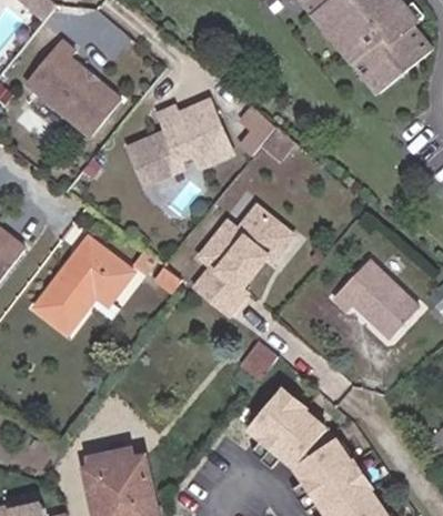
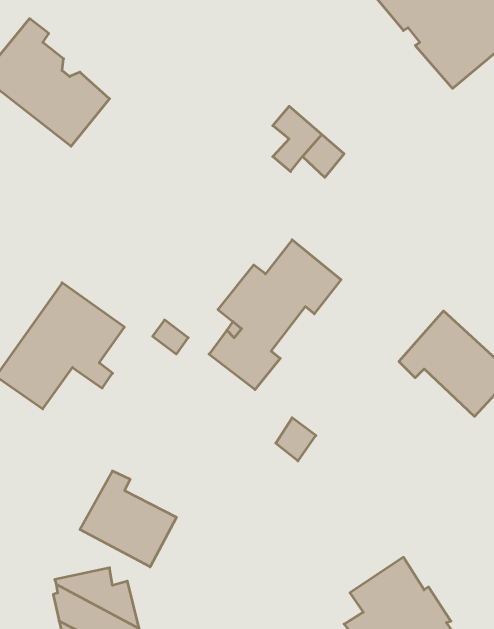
building: [128,101,233,190] -> none
building: none -> [80,471,176,567]
building: [252,393,329,472] -> none

